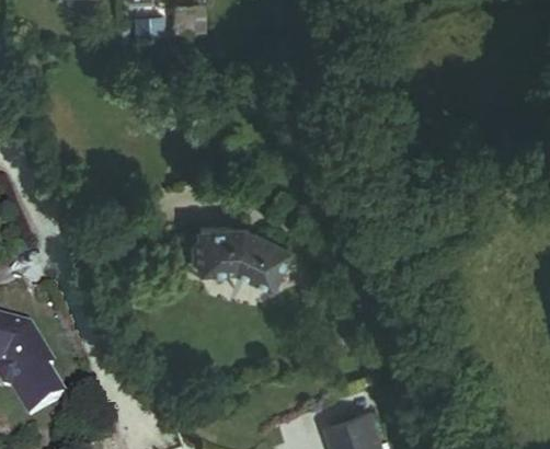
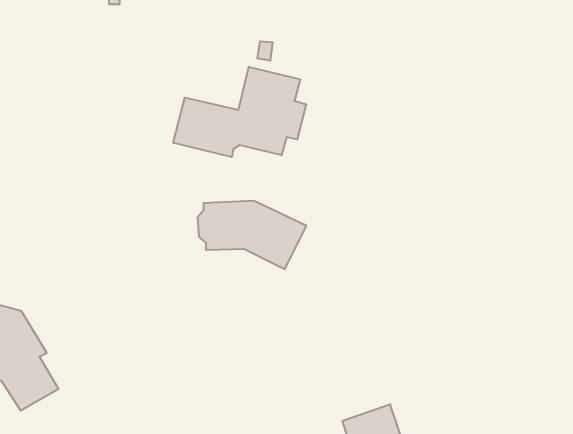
building: none -> [173,67,306,157]

